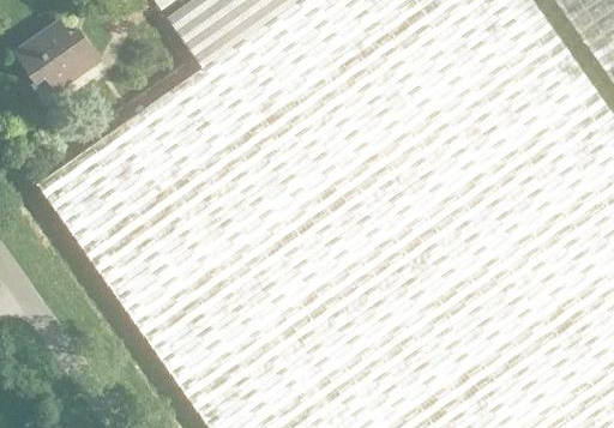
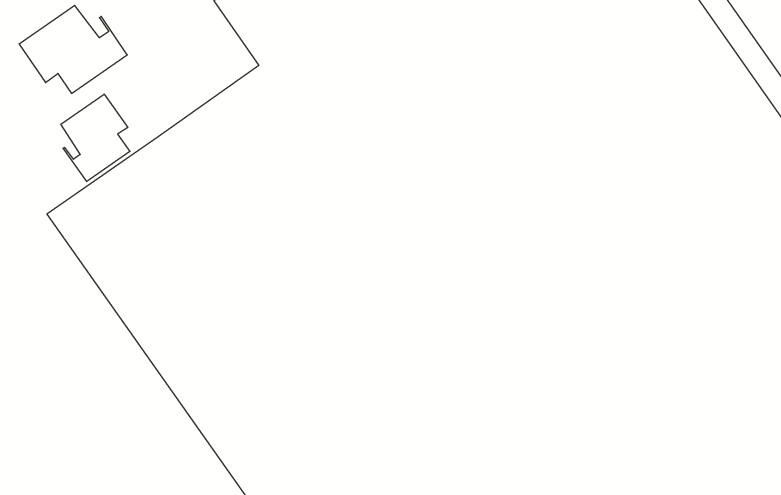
building: none -> [61,94,130,182]

